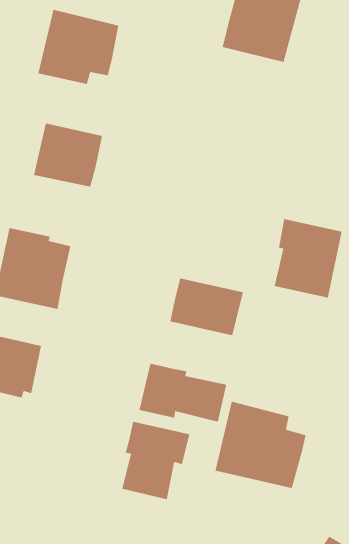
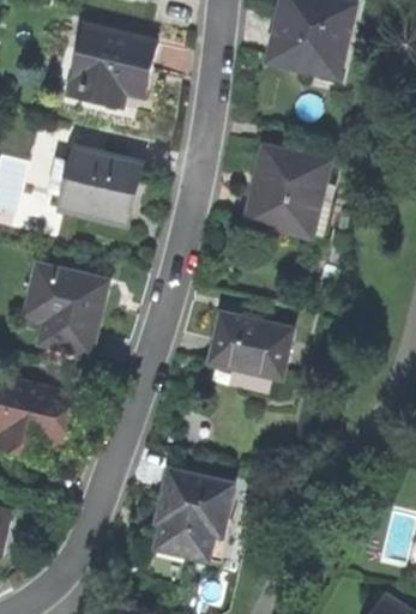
building: [274,218,343,298] -> [252,152,327,240]
building: [139,363,227,422] -> none
building: [215,401,306,489] -> none

